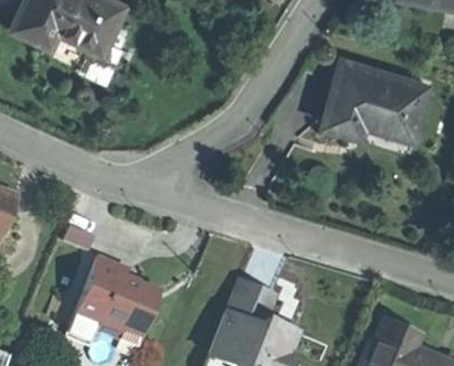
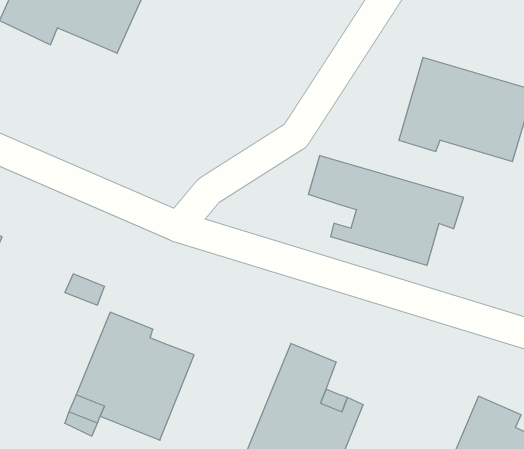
building: none -> [308,155,464,265]

